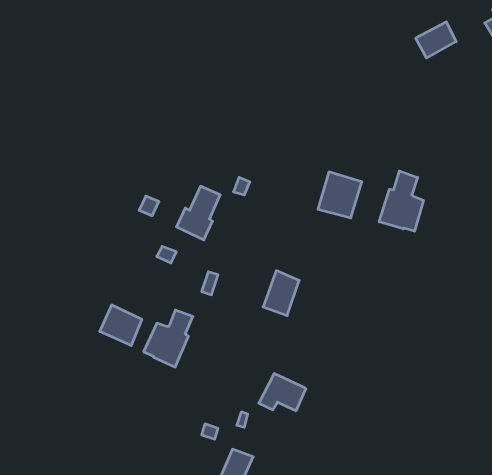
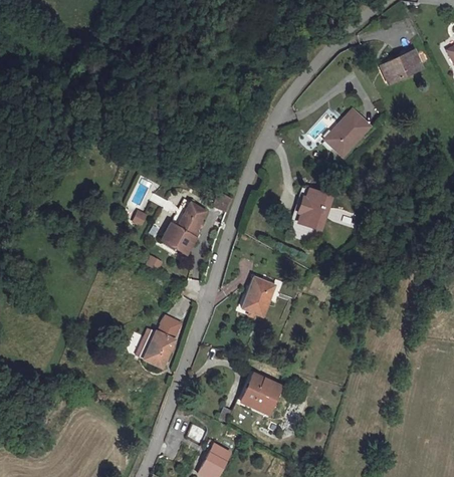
building: none -> [325,110,371,157]
building: [379,171,423,231] -> none
building: [100,305,142,346] -> none

